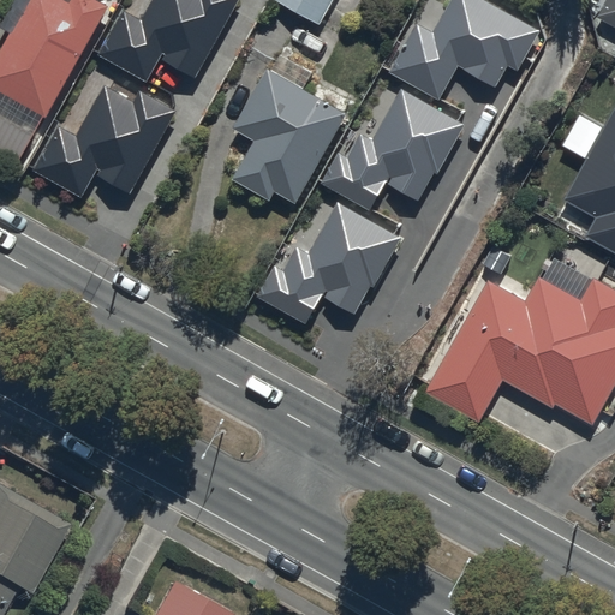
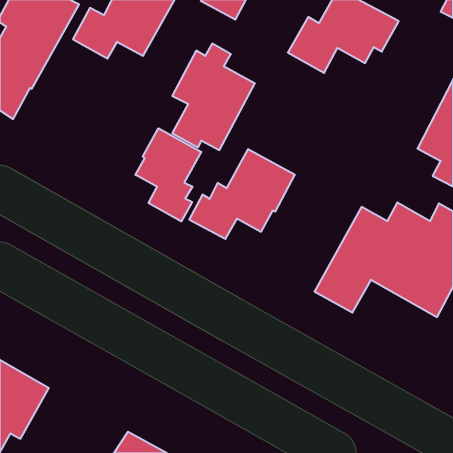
building: [32,84,175,196] -> none
building: [320,88,464,210] -> none
building: none -> [135,128,201,221]

